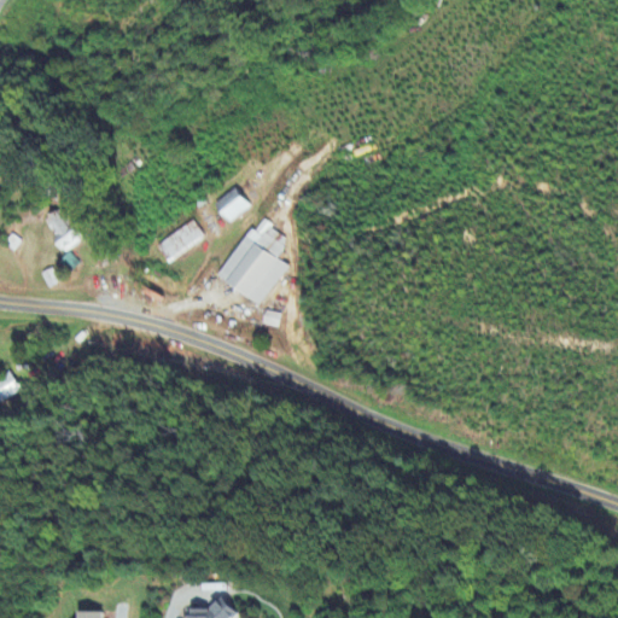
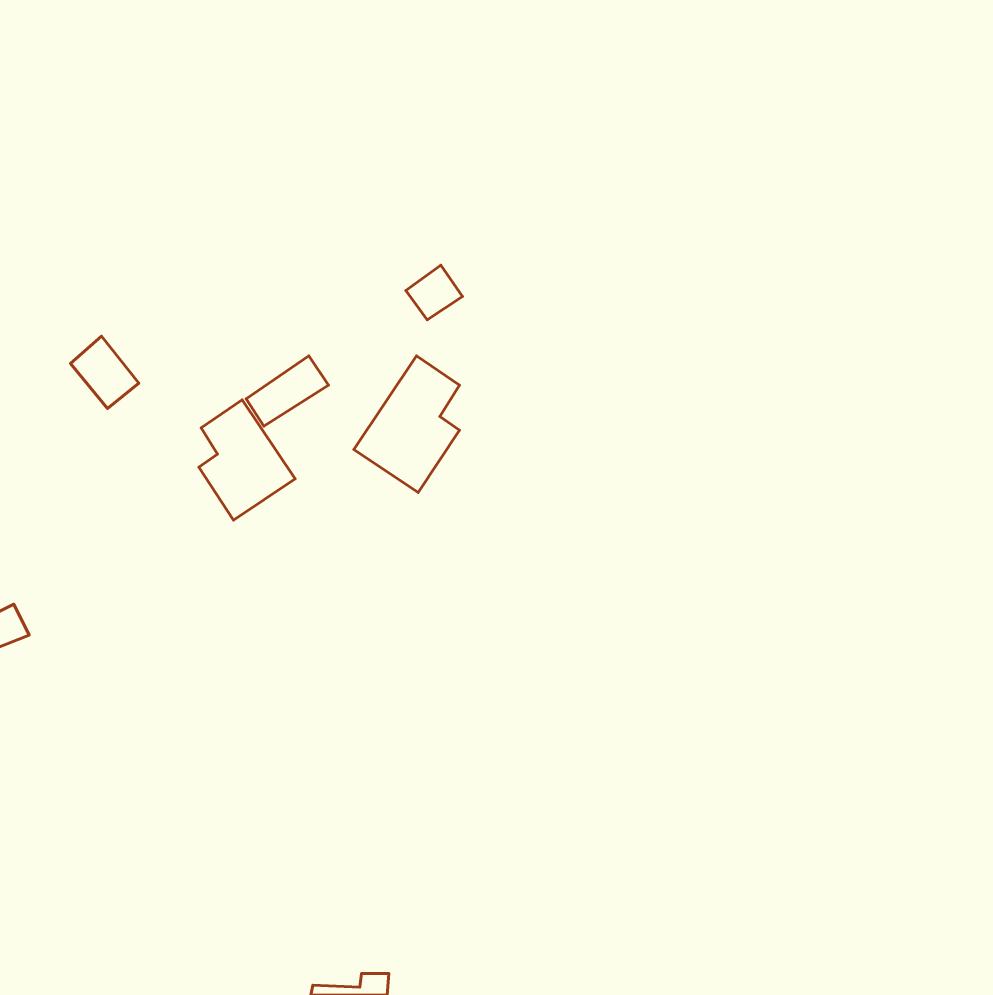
building: [214,187,249,221] -> [406,265,462,320]
building: none -> [199,400,295,520]

